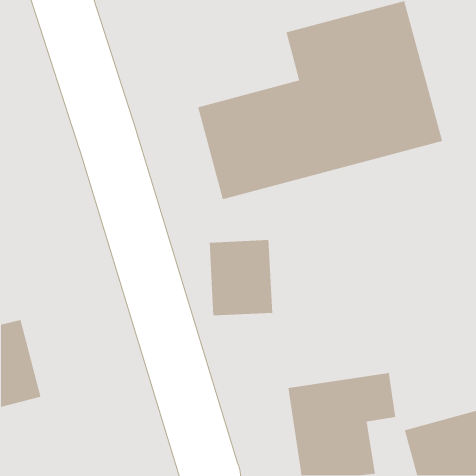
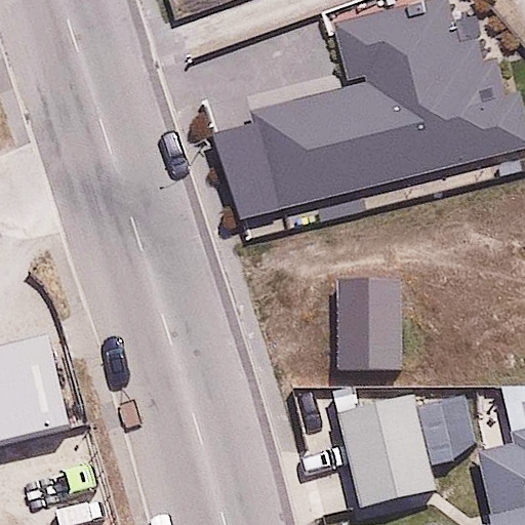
building: [209,239,273,316] -> [318,290,387,372]

